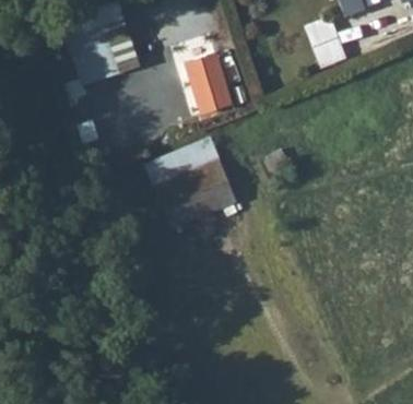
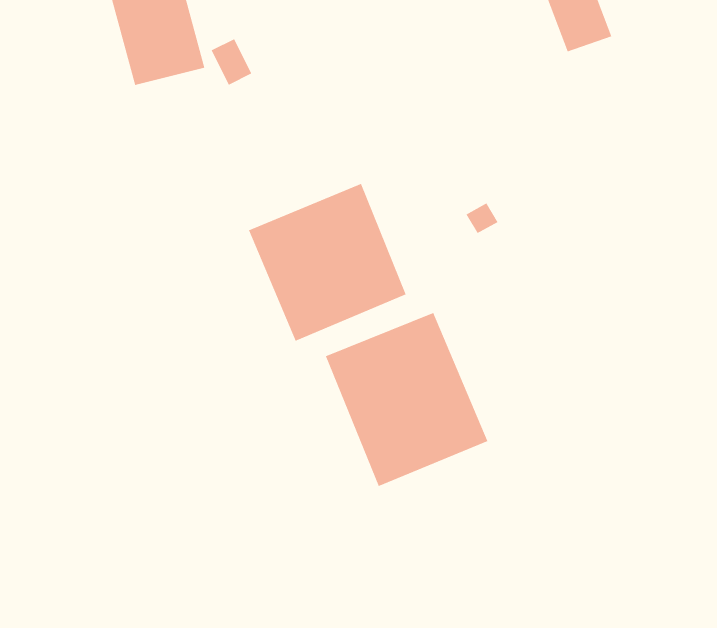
building: [186,49,236,114] -> none
building: none -> [325,312,488,487]

